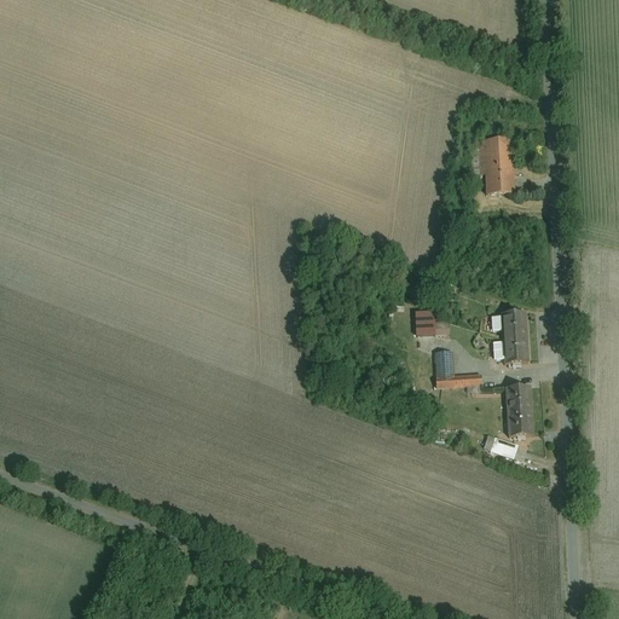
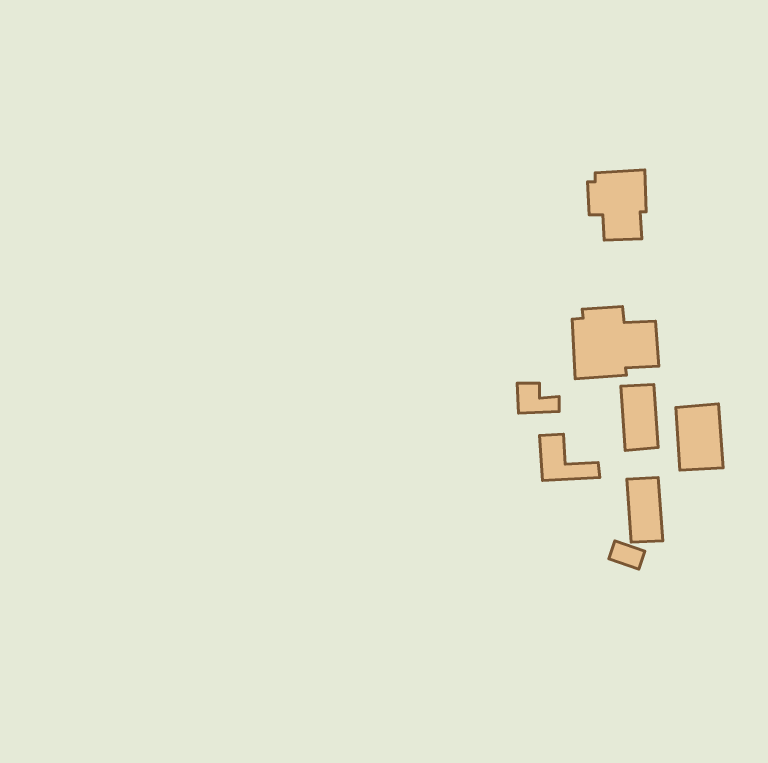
building: none -> [572,306,659,379]
building: none -> [676,404,723,470]

